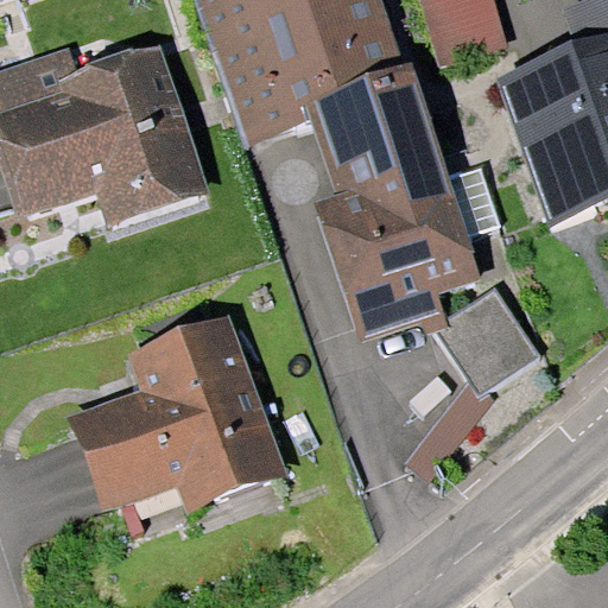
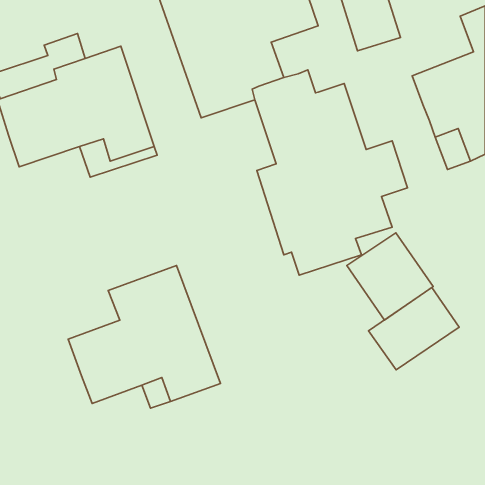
building: none -> [369,288,459,370]

